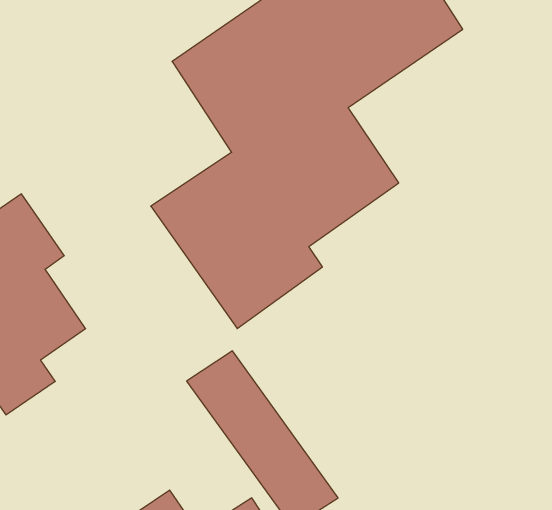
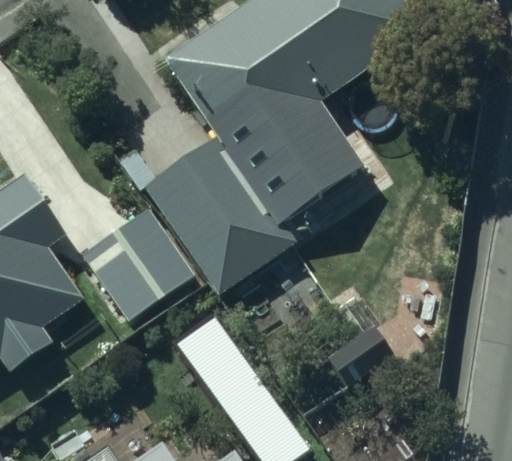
building: none -> [88,212,196,321]

